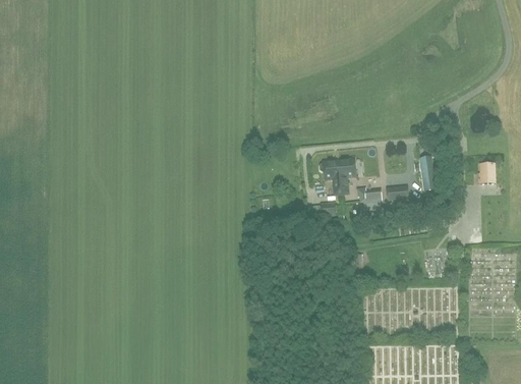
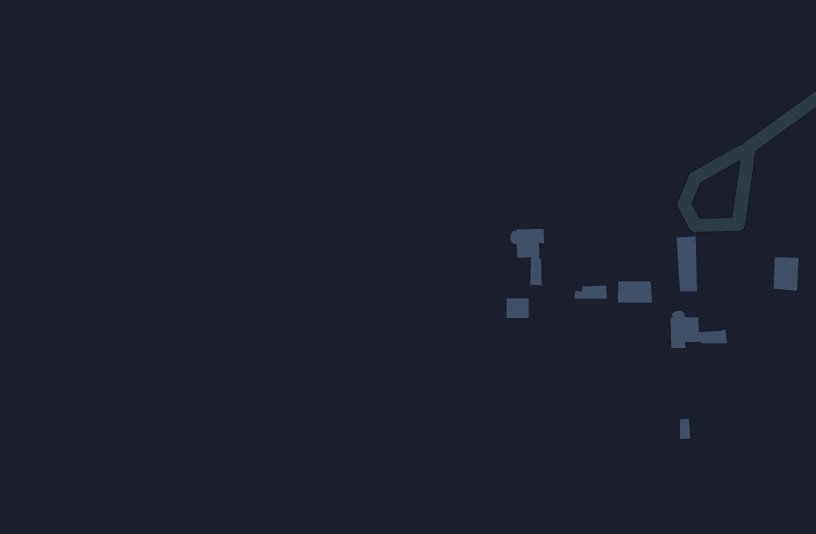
building: [338,158,356,195] -> none
building: none -> [670,310,728,349]

